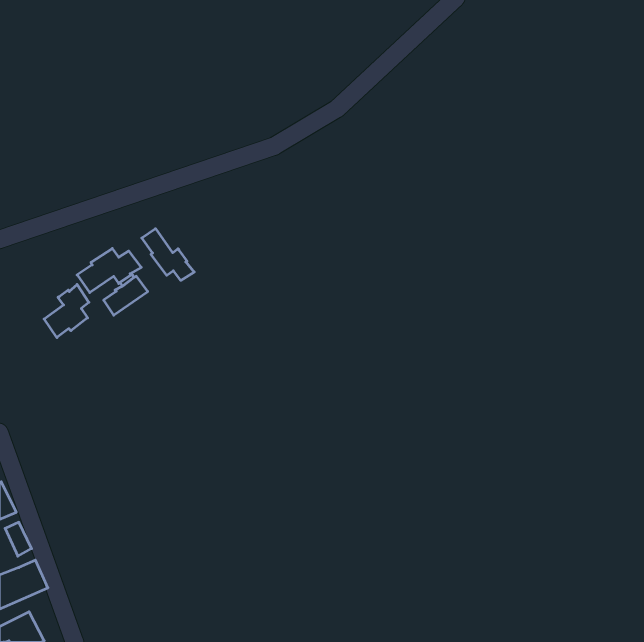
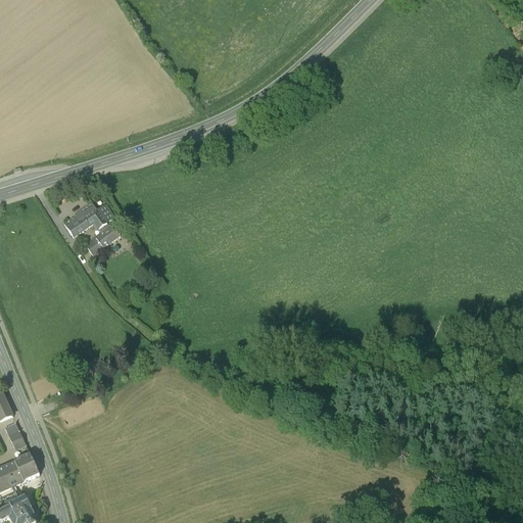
building: [142,229,194,280] -> none
building: [44,284,89,338] -> none

